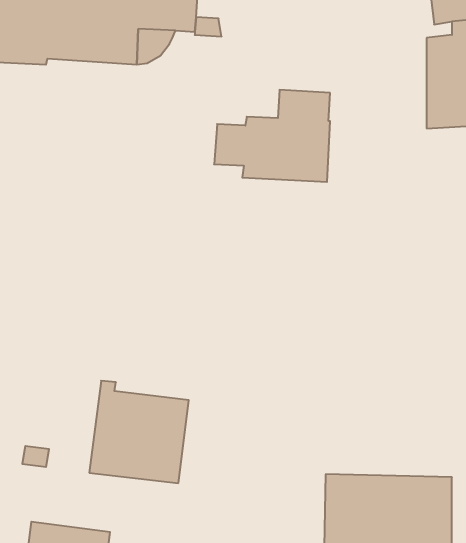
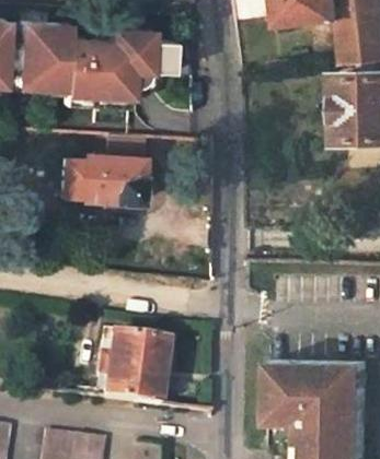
building: [214,90,330,182] -> [56,133,141,201]
building: none -> [265,360,359,399]

